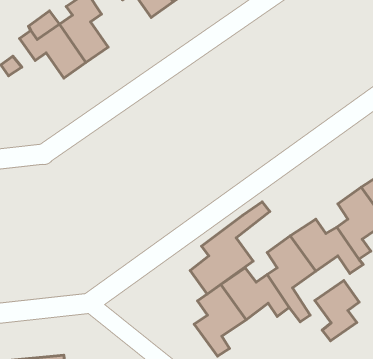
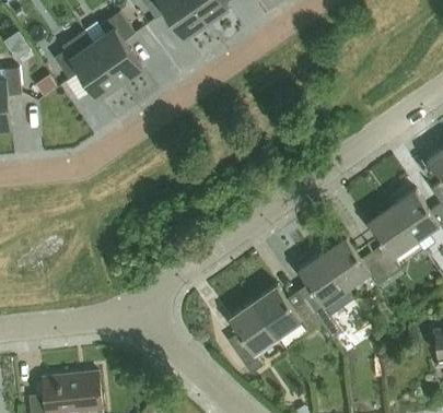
building: [190,202,270,294] -> none
building: [315,280,359,341] -> none

